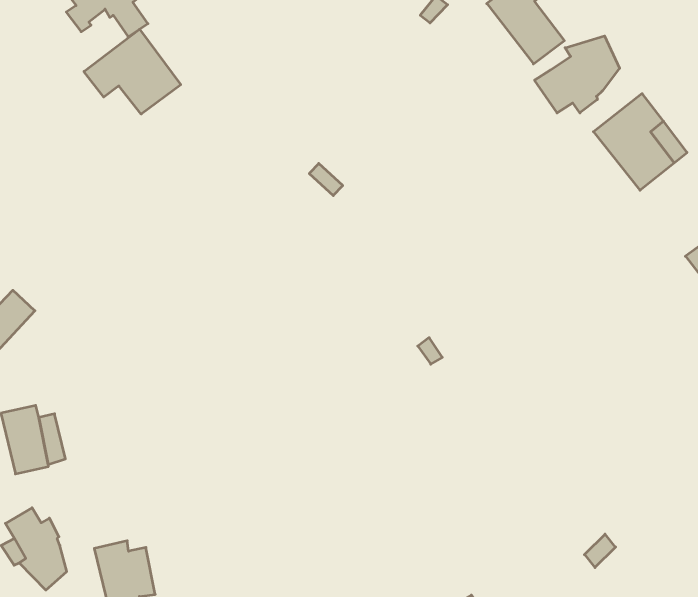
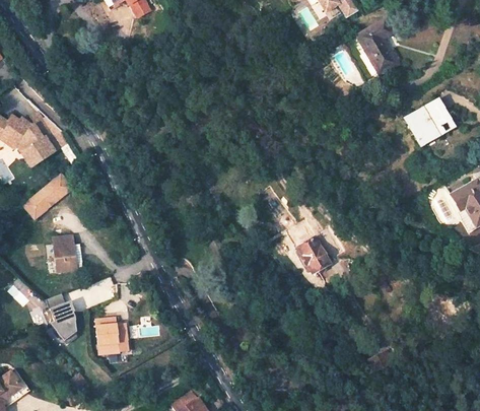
building: [84,29,181,114] -> none
building: [535,36,620,113] -> none
building: none -> [296,238,328,274]

